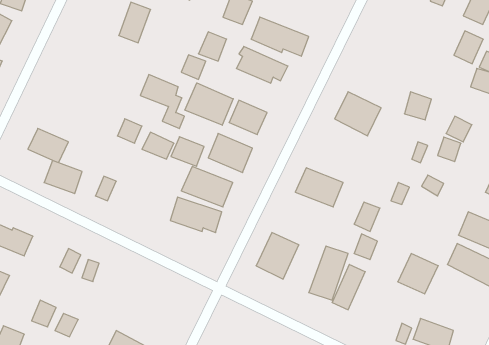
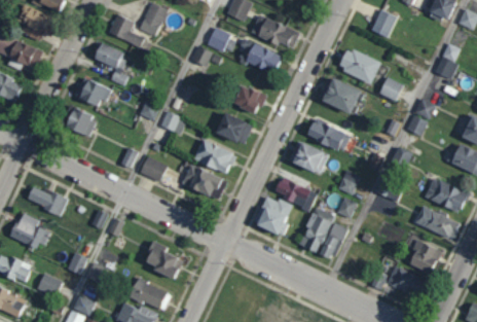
building: none -> [109,14,144,47]
building: [454,31,483,64] -> [371,9,396,37]
building: none -> [337,47,380,83]
building: [140,75,184,129] -> [91,41,129,86]
building: [185,83,233,125] -> none
building: [171,137,204,166] -> [139,156,167,181]
building: none -> [305,119,351,152]
building: [44,161,82,194] -> [76,78,108,106]
building: none -> [273,176,317,211]
building: [398,254,438,294] -> [406,241,440,275]
building: none -> [145,241,180,278]

